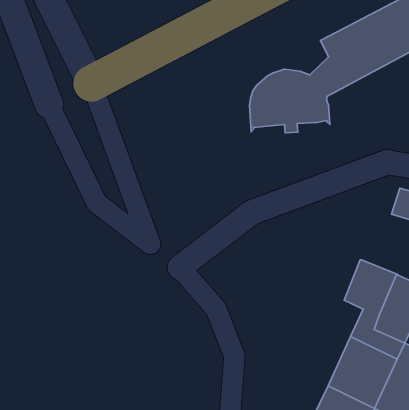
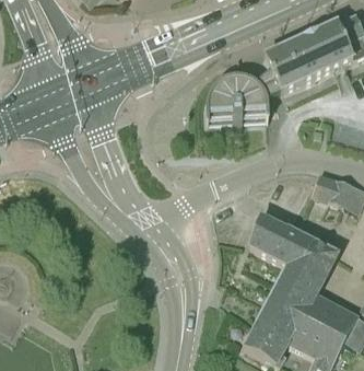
building: none -> [250,213,286,256]

